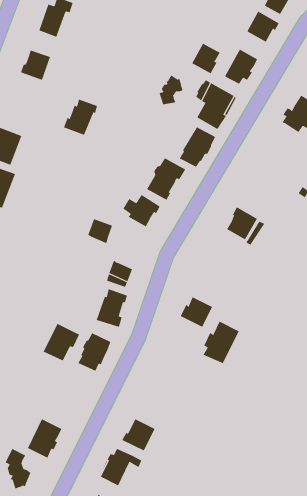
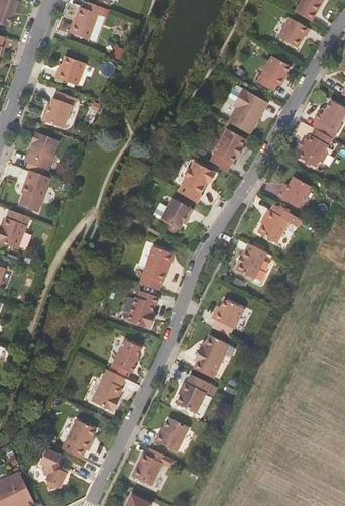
building: [192,43,220,74] -> none
building: [159,74,183,105] -> none
building: [63,99,98,136] -> [41,92,76,128]
building: none -> [298,128,332,168]
building: none -> [278,177,310,208]
building: [87,218,113,244] -> [146,246,171,272]
building: none -> [233,242,264,278]
building: [203,321,240,364] -> [193,335,229,378]
building: [43,323,80,361] -> [89,375,125,412]
building: none -> [176,374,210,413]

